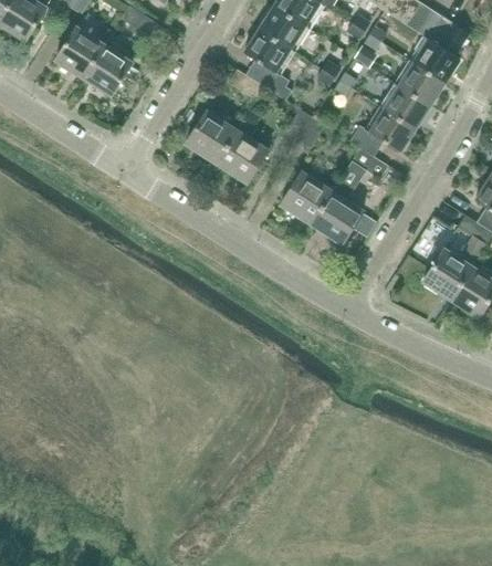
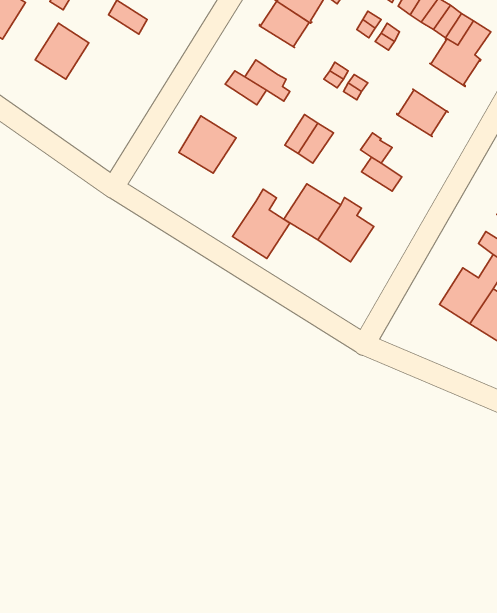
building: [243,29,291,73] -> none
building: [83,44,133,96] -> none
building: [398,63,446,107] -> none
building: [368,109,416,153] -> none
building: [217,119,269,182] -> [233,189,290,259]

